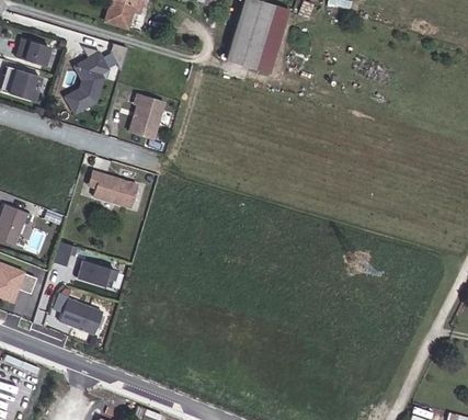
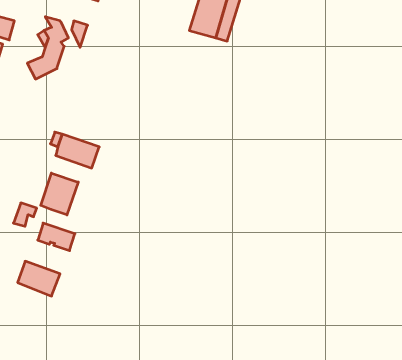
building: [128,89,163,134] -> none
building: none -> [41,173,78,215]

